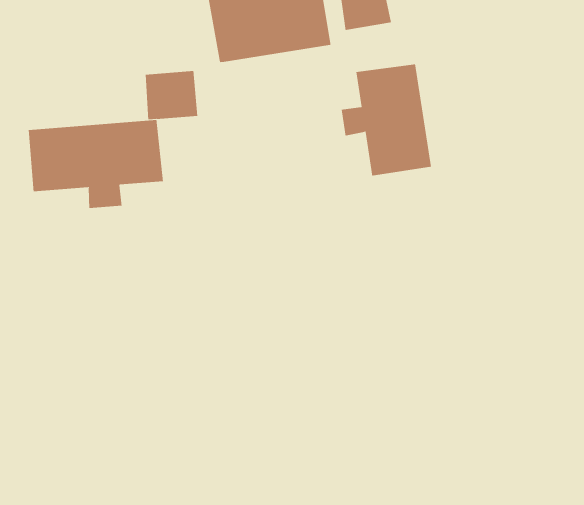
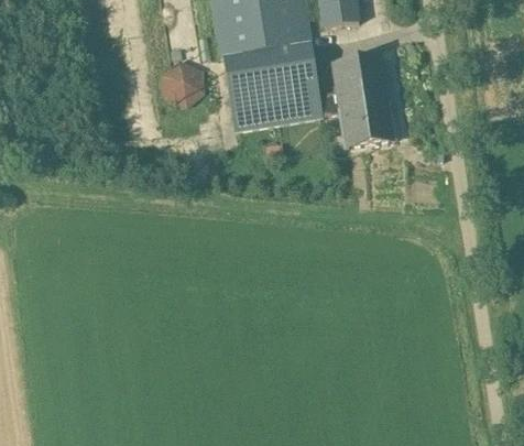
building: none -> [221,39,323,129]
building: [28,119,163,209] -> none

